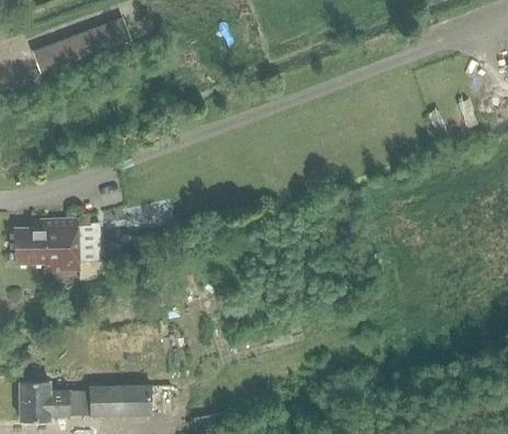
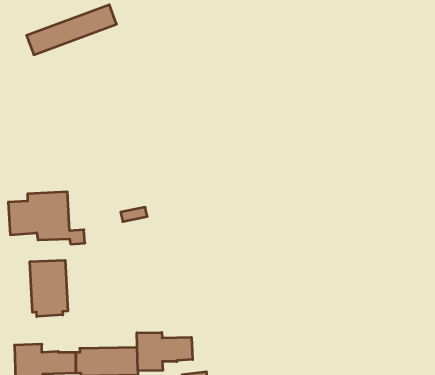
building: none -> [30,260,68,317]
building: none -> [137,332,193,371]

